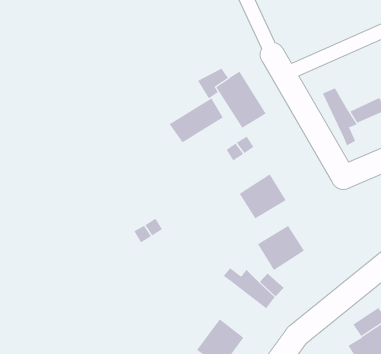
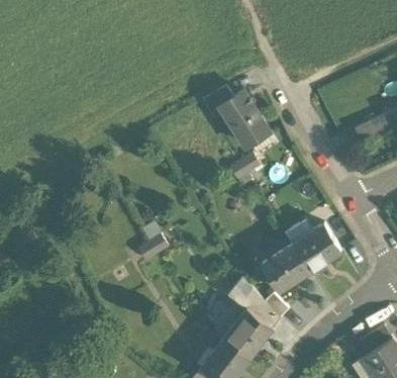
building: [322,87,357,146] -> none
building: [169,97,223,143] -> none
building: [239,174,286,219] -> [293,222,340,268]
building: none -> [213,298,271,355]

